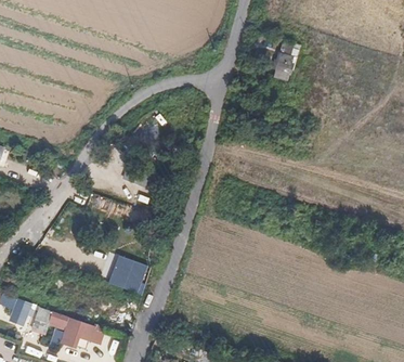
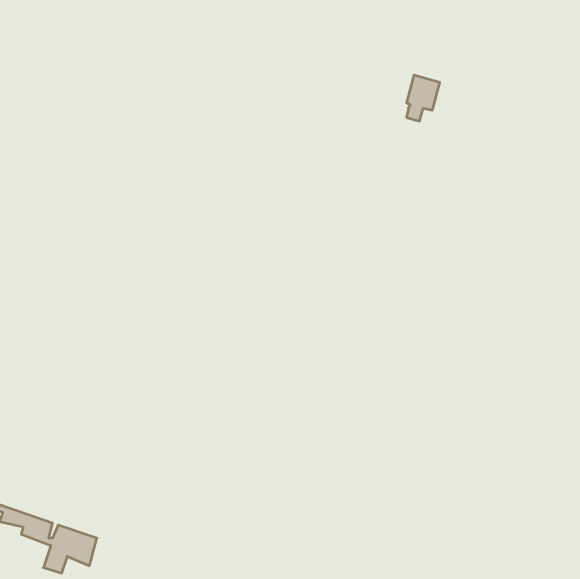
building: [114,258,145,295] -> none

